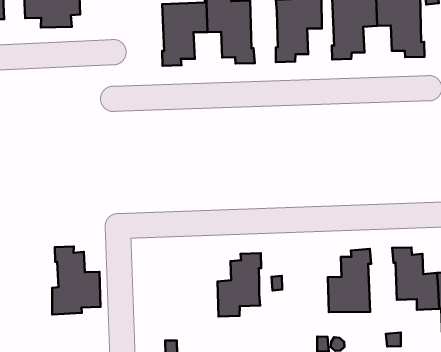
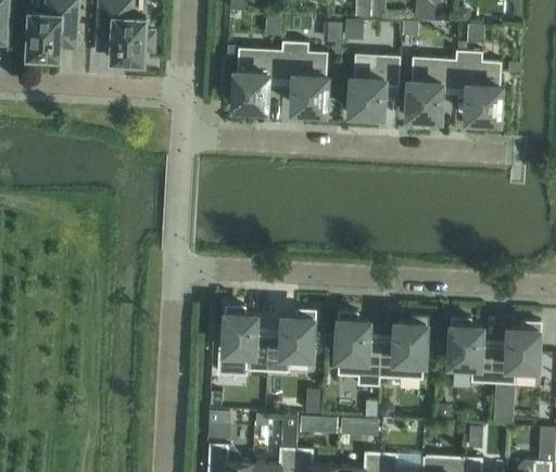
building: [52,246,100,314] -> [217,306,269,375]
building: none -> [338,311,382,386]

